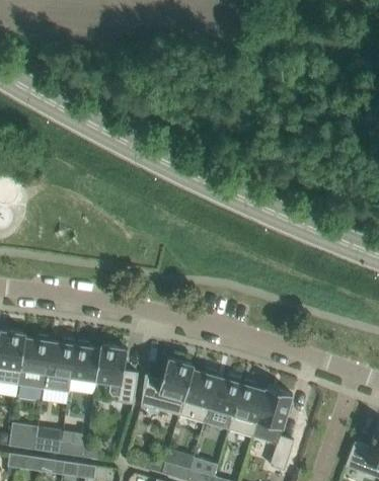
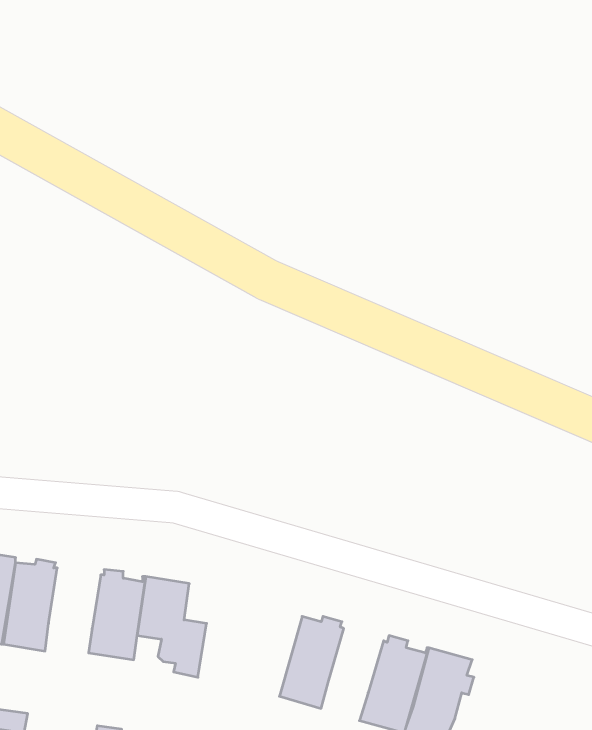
building: [46,339,76,376] -> none
building: [141,357,195,415] -> none
building: [205,376,241,429] -> none

